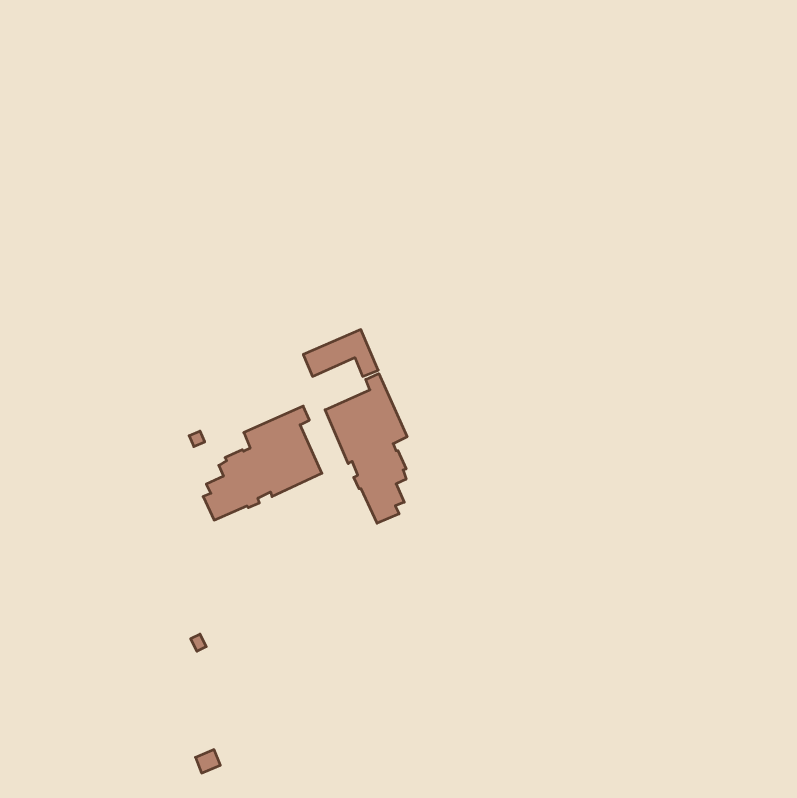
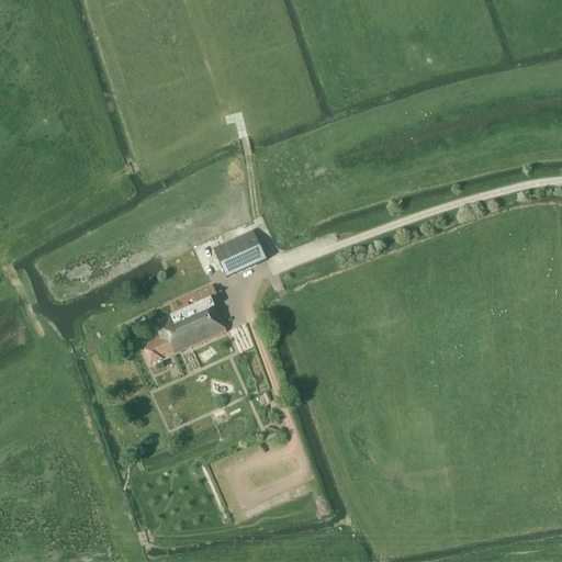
building: [325,374,407,523] -> none

